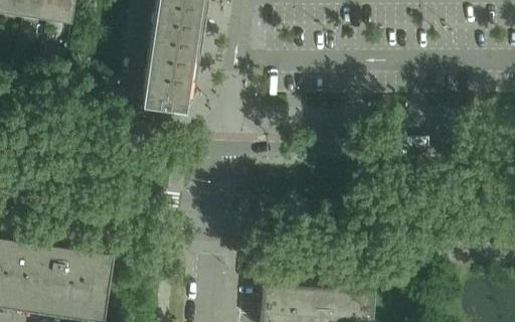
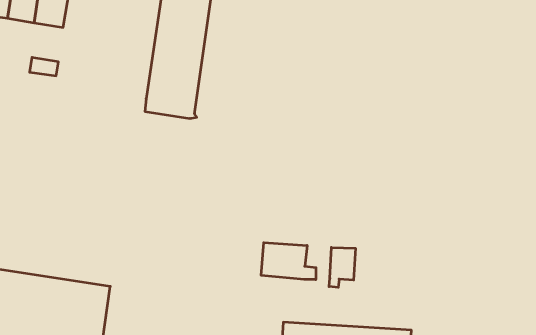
building: none -> [261,243,316,280]
building: none -> [329,247,355,287]

